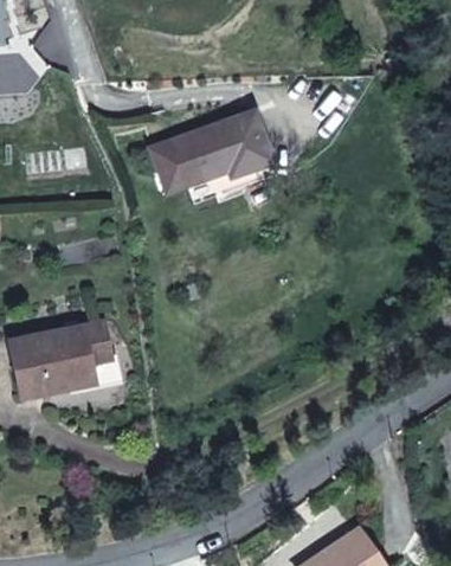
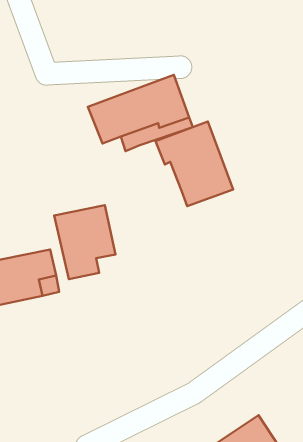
building: none -> [156,121,233,206]
building: none -> [54,205,115,279]

